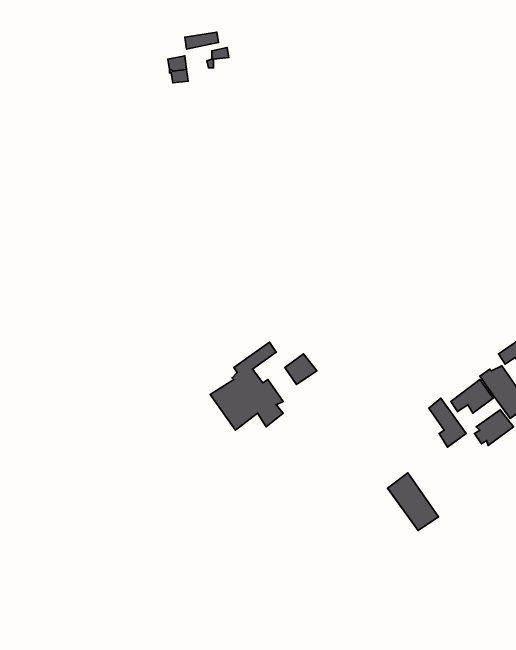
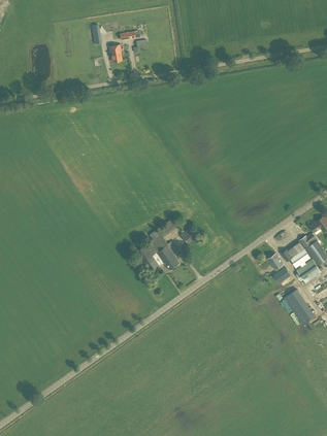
building: [388,473,438,530] -> [284,289,315,324]

